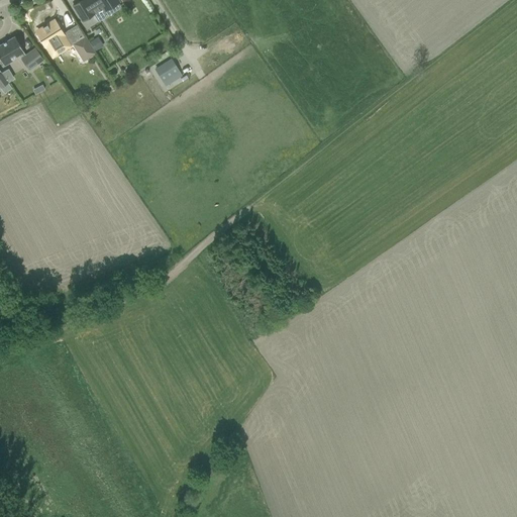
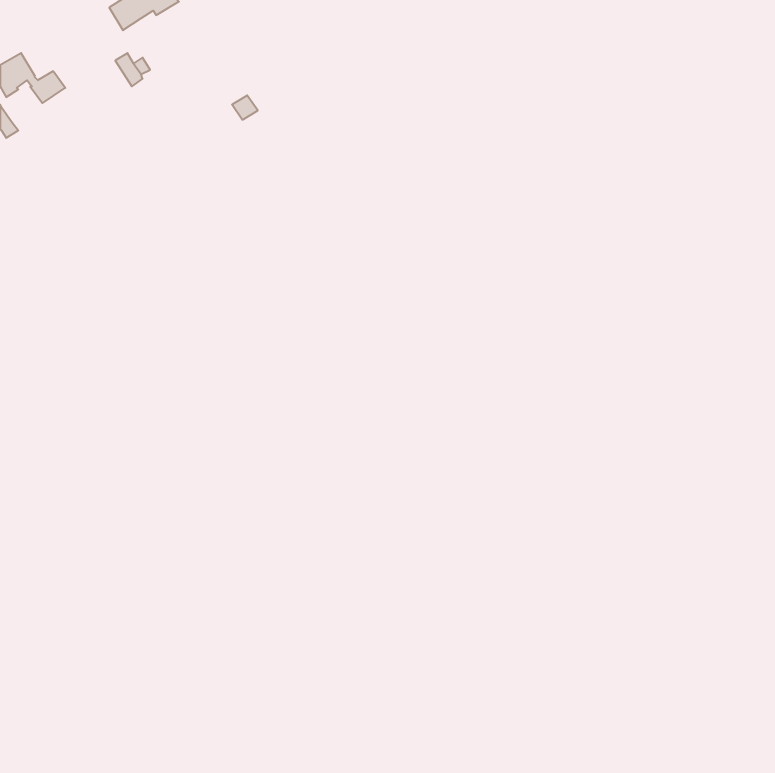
building: [36,19,70,57] -> none

